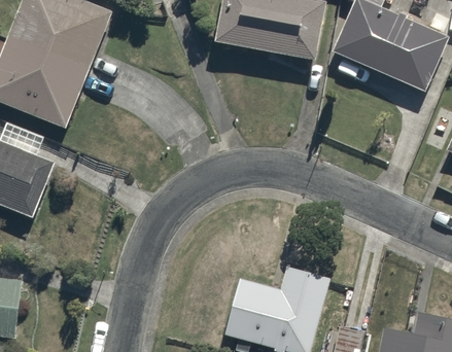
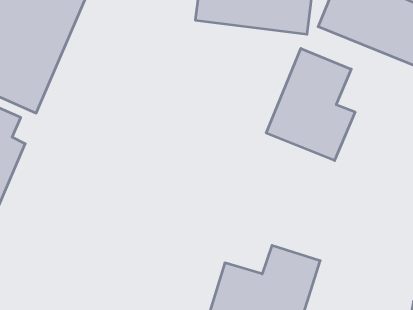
building: none -> [266,48,355,161]

